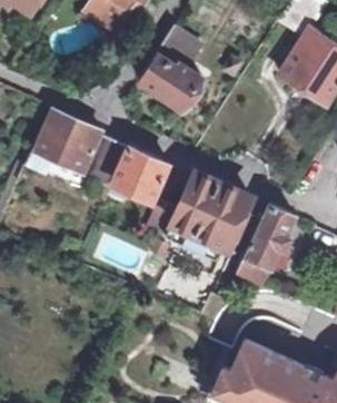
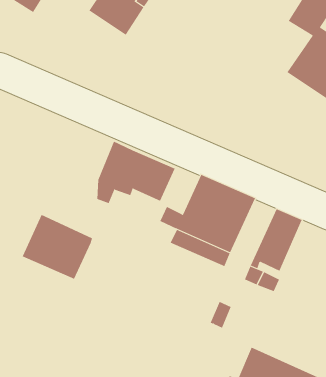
building: [139,29,204,110] -> none
building: [33,108,102,171] -> [22,214,93,280]

